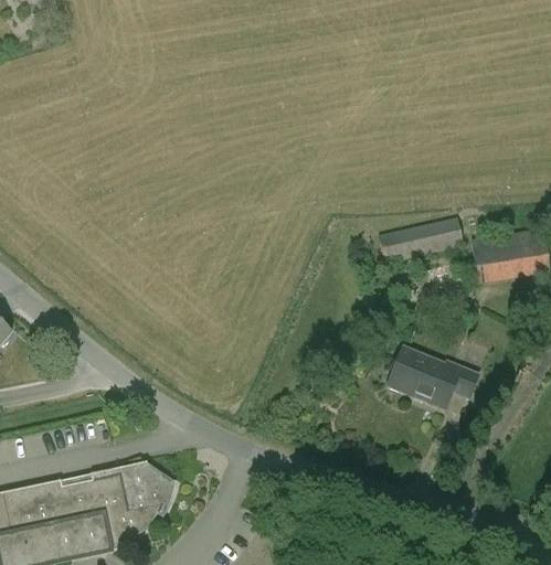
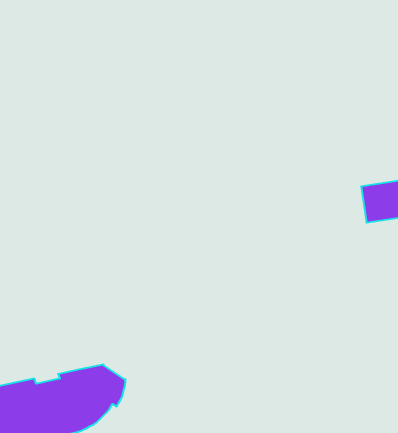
building: [378,216,463,262] -> none
building: [386,345,477,408] -> none

